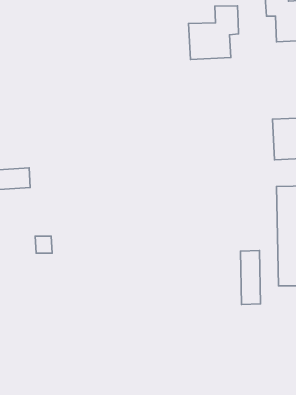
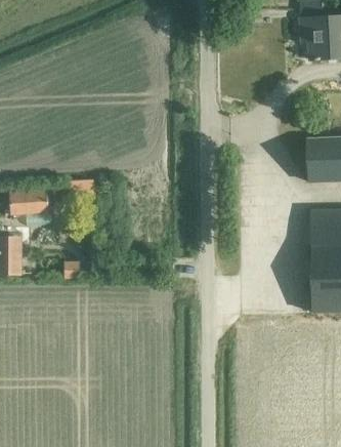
building: [189,6,238,59] -> none
building: [241,250,260,305] -> none

